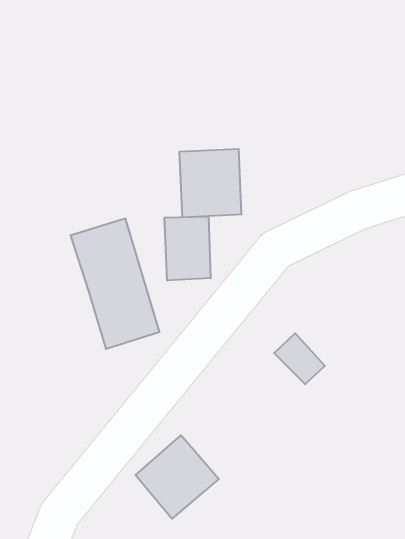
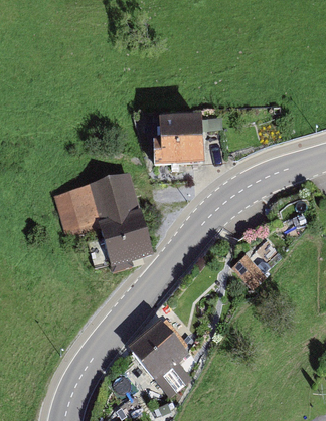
building: [165,216,211,281] -> none
building: none -> [48,180,97,231]

